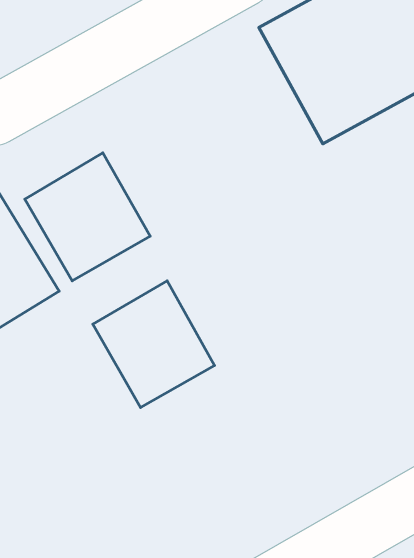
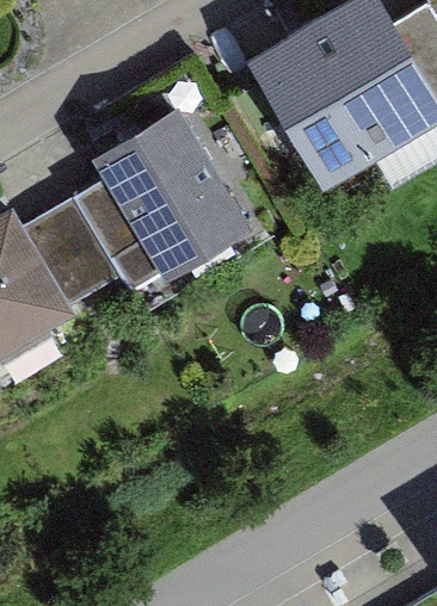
building: none -> [100,109,244,266]
building: [93,281,215,407] -> none

